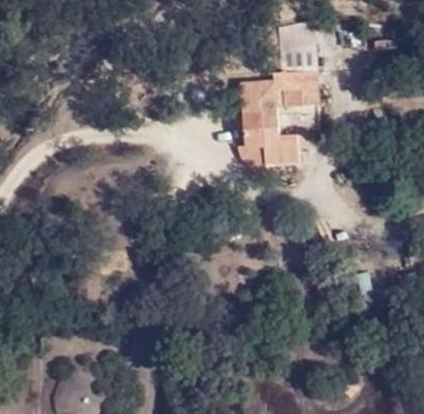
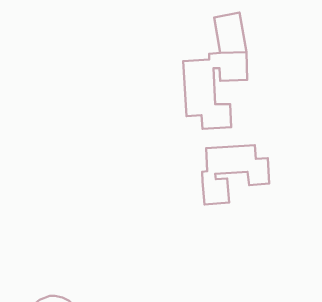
building: none -> [202,145,269,205]

